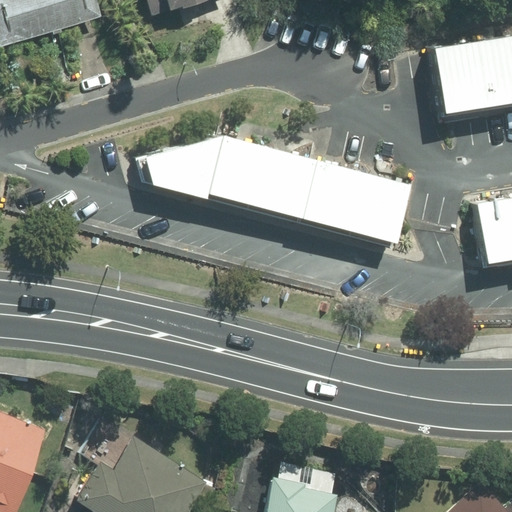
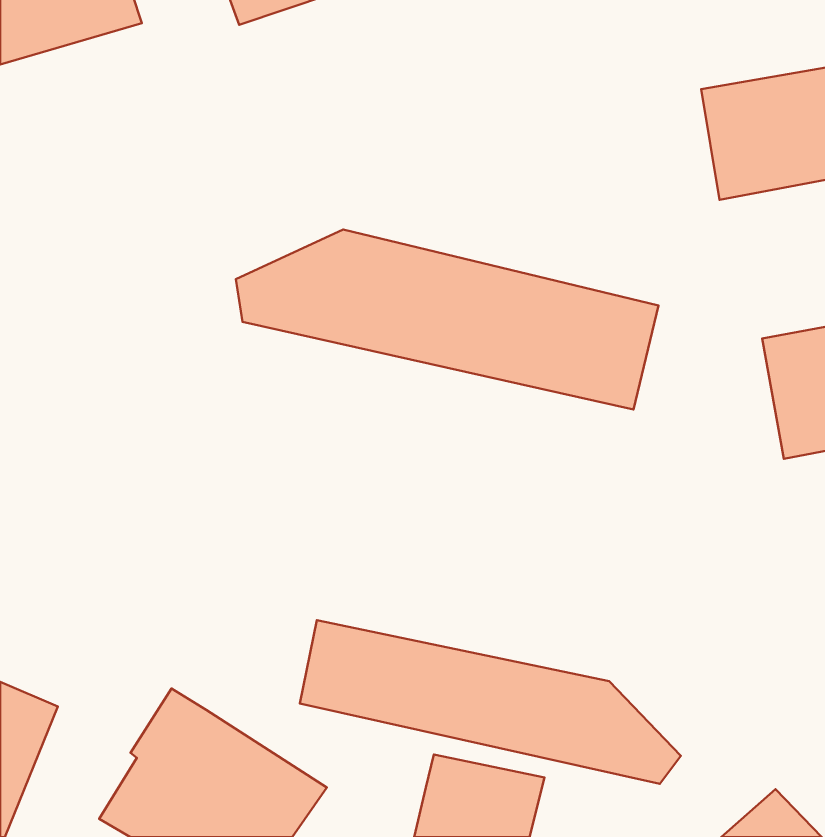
building: none -> [300,620,681,784]

